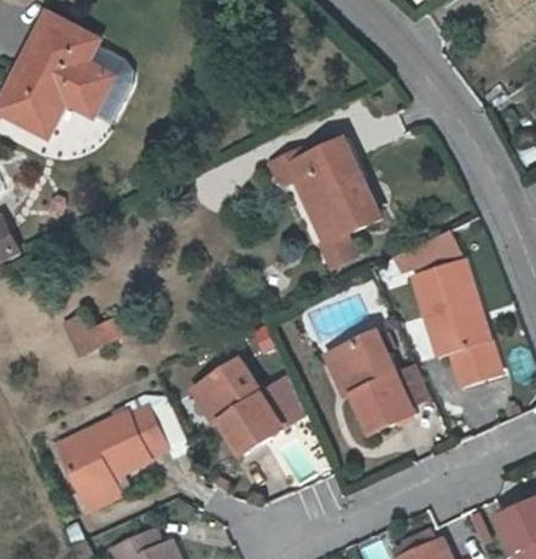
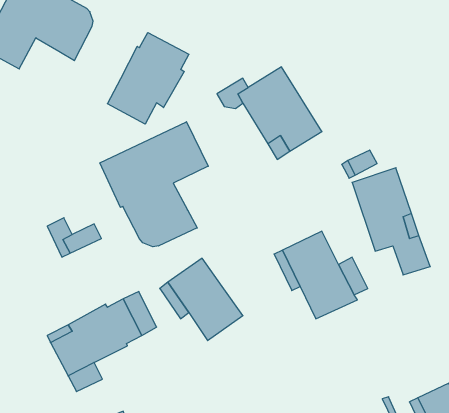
building: none -> [107,33,189,124]
building: none -> [100,122,208,247]
building: [263,373,308,424] -> none

